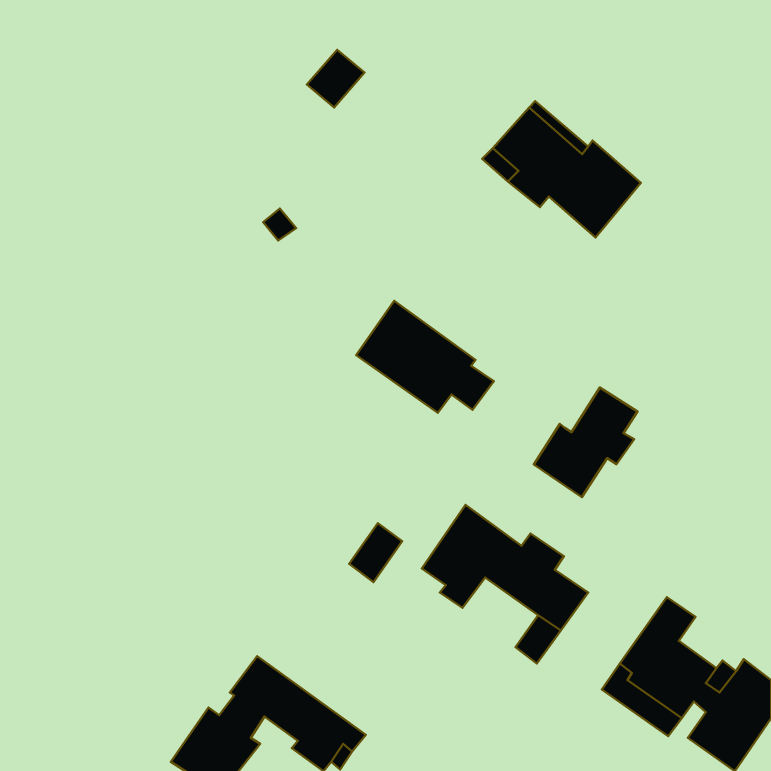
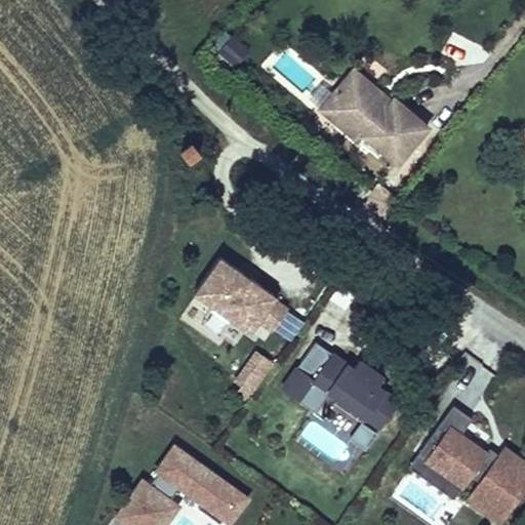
building: [356,301,494,413] -> [194,257,287,333]
building: [534,387,637,497] -> none

